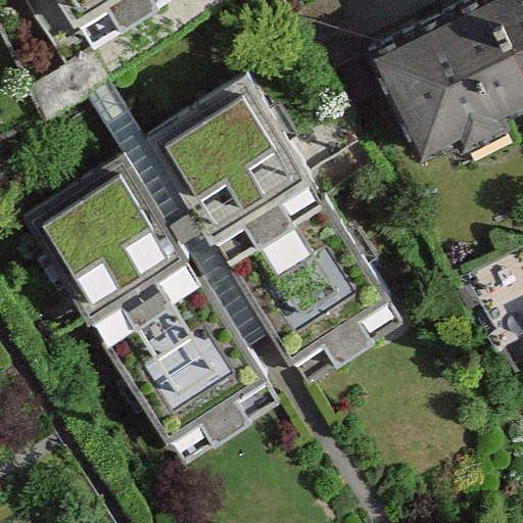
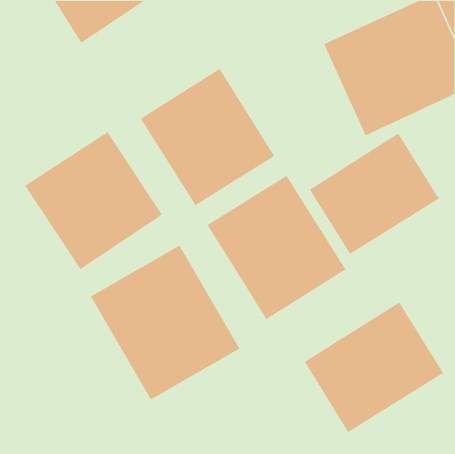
building: none -> [309,133,440,255]
building: none -> [304,301,444,433]

